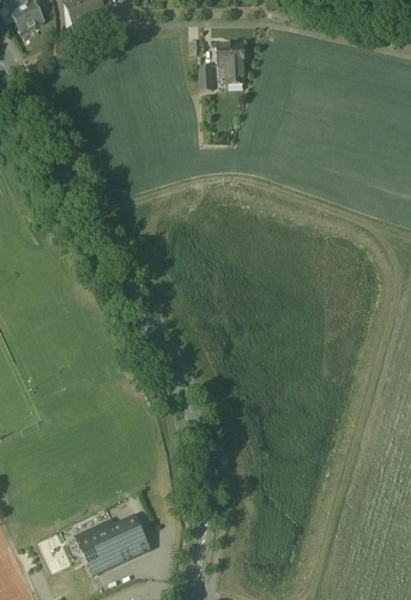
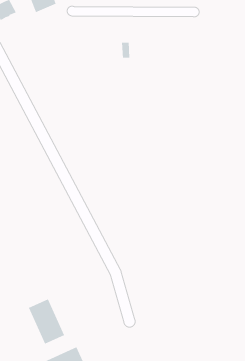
building: [217,44,244,83] -> none
building: none -> [28,299,65,344]

